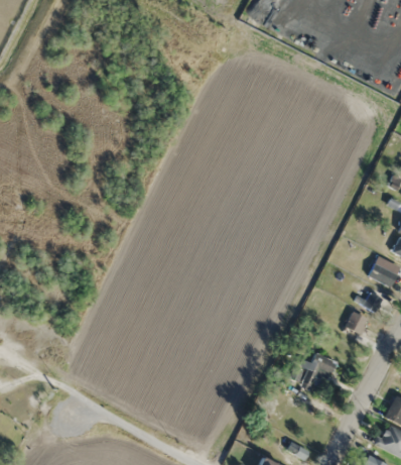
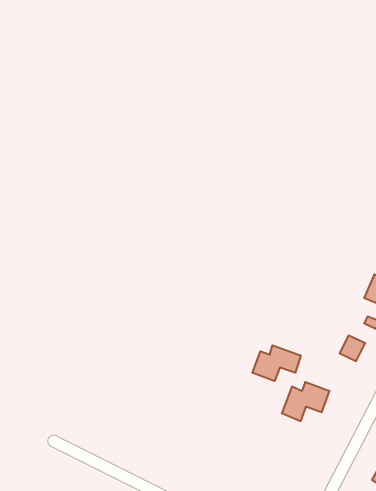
building: none -> [252,345,301,381]

